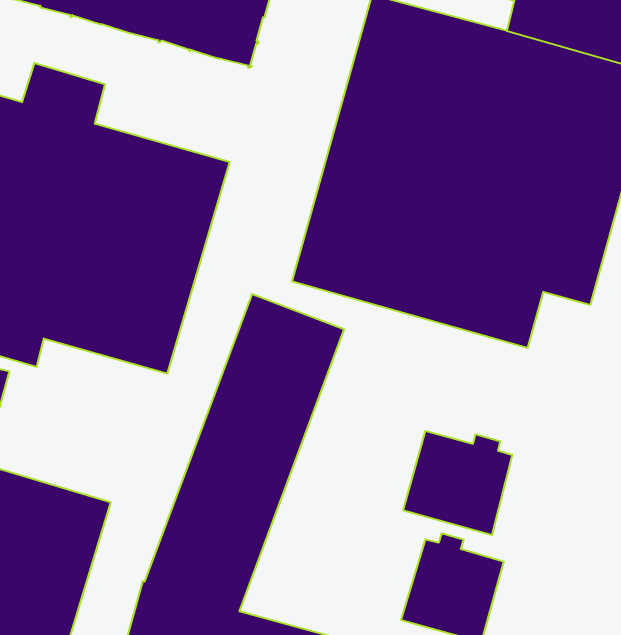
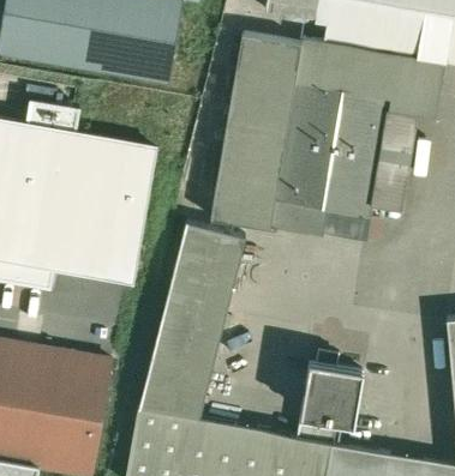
building: [403,431,512,535] -> none

